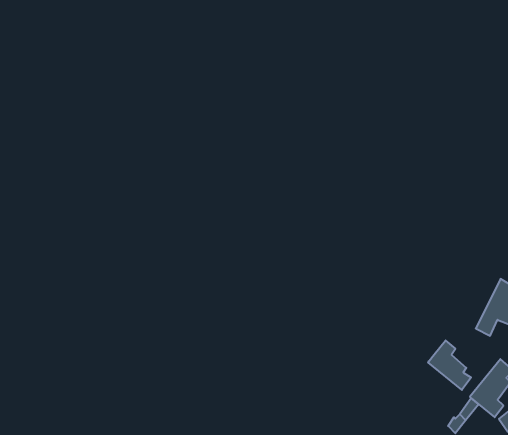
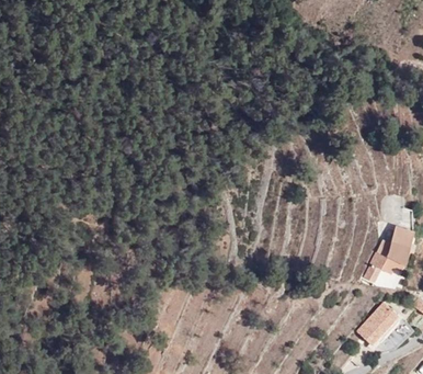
building: [428,340,471,390] -> none

